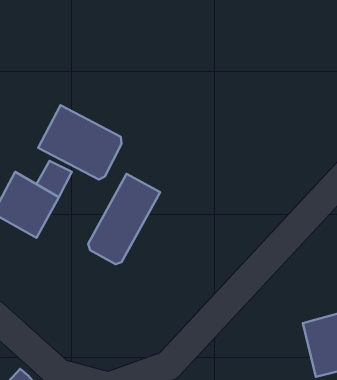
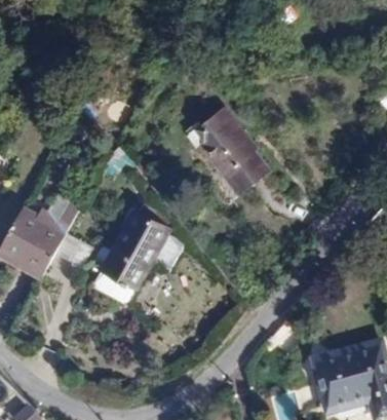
building: none -> [190,109,270,195]
building: [38,105,122,179] -> none

